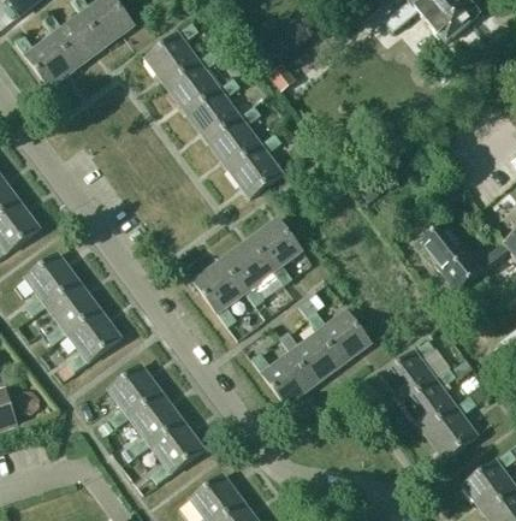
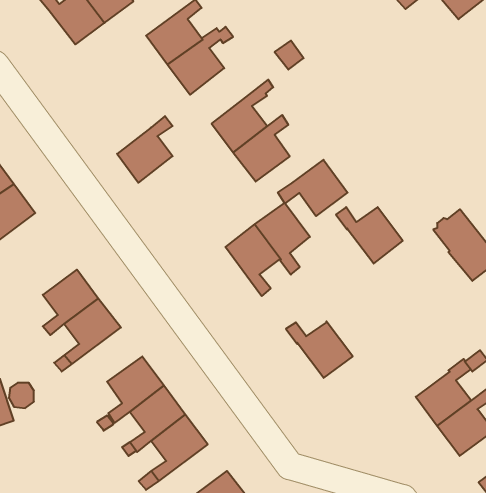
building: [14,34,78,88] -> none
building: [188,78,241,142] -> [117,116,173,183]
building: none -> [278,160,348,216]
building: [25,253,79,316] -> none
building: [194,260,245,327] -> none
building: [307,310,370,365] -> [336,207,403,264]
building: [381,341,435,403] -> none
building: [251,351,315,405] -> none

